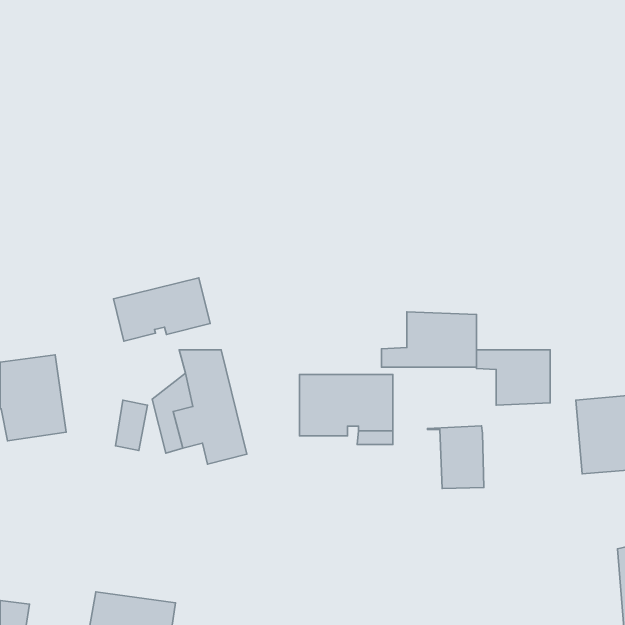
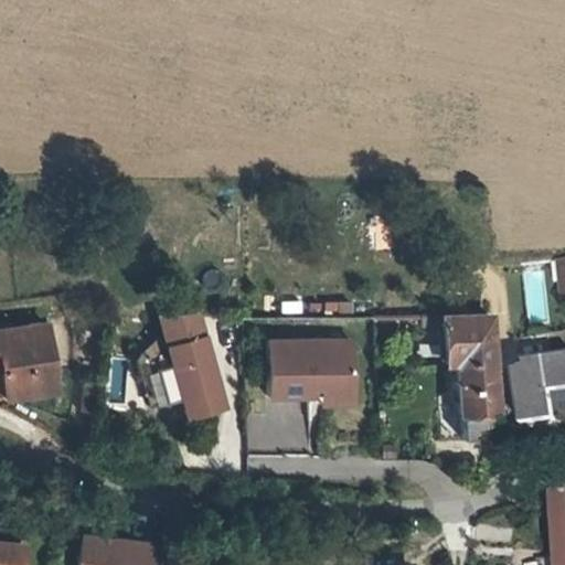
building: [113,278,210,341] -> none
building: [381,312,476,367] -> none
building: [427,426,484,489] -> [448,364,499,420]

